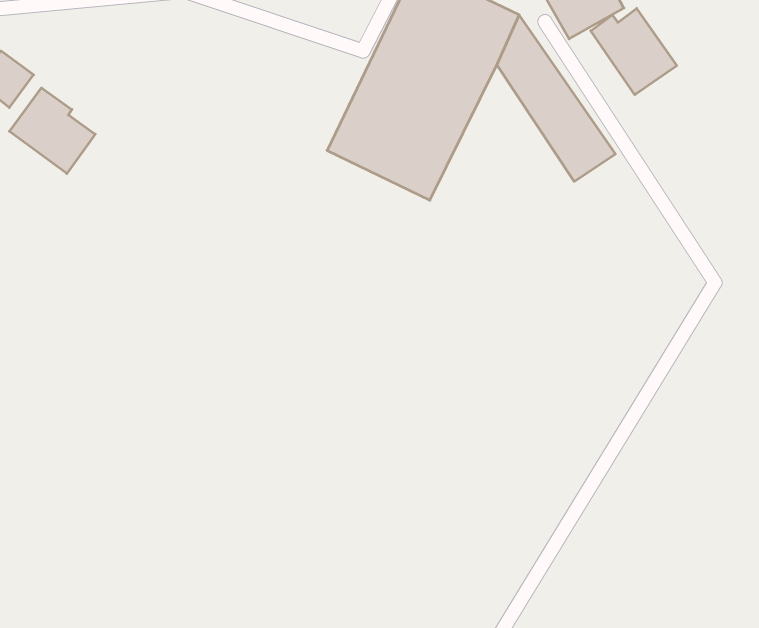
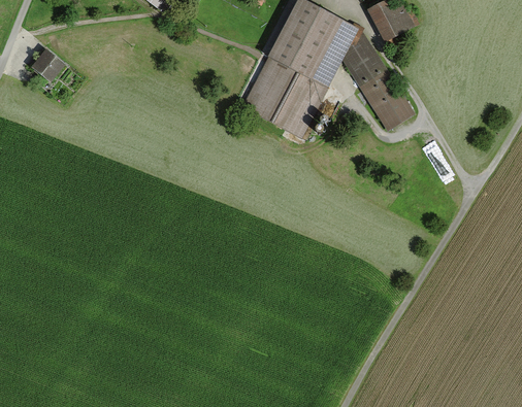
building: [591,8,677,95] -> none
building: [9,88,95,174] -> none

